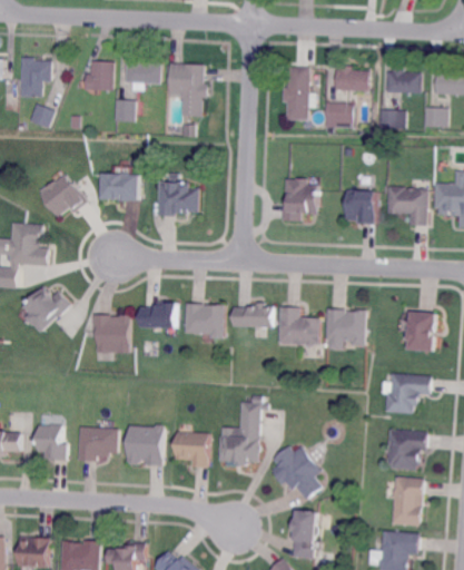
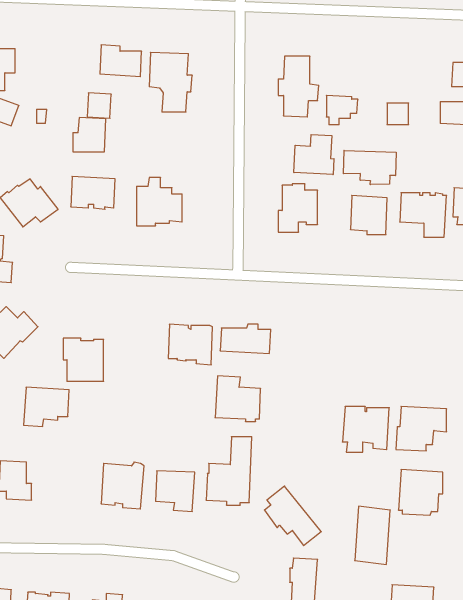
building: [85,60,113,90] -> [73,118,106,152]
building: [335,65,369,91] -> none
building: [386,67,421,92] -> none
building: none -> [294,135,334,175]
building: none -> [344,150,396,185]
building: [138,303,179,330] -> none
building: [278,307,318,347] -> [215,376,261,421]
building: [324,309,365,350] -> [342,407,389,452]
building: [405,313,435,352] -> none
building: [77,425,117,460] -> [24,387,69,426]
building: [391,476,422,528] -> [355,506,390,564]

